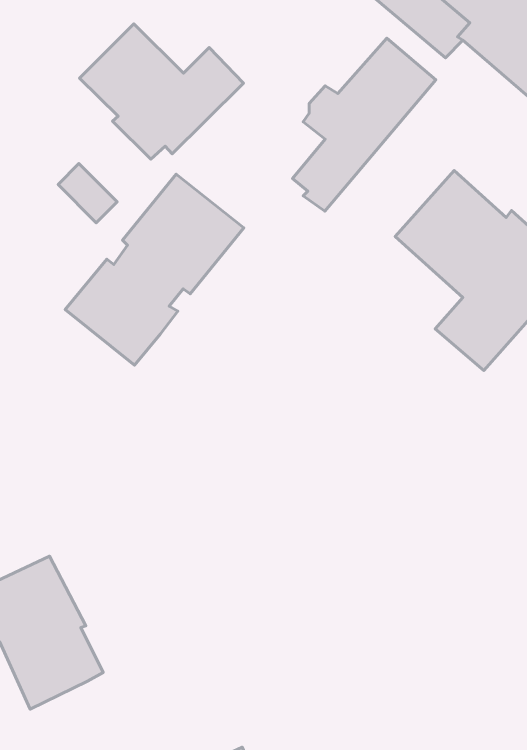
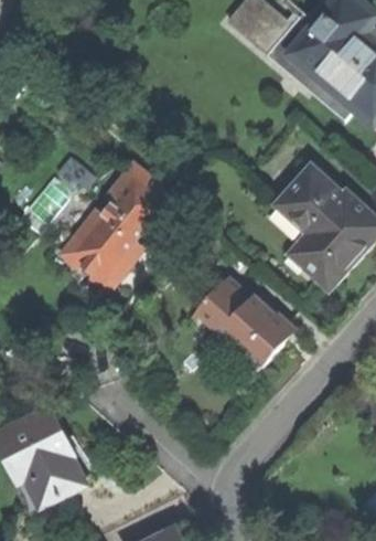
building: [80,24,243,159] -> none
building: [292,38,436,211] -> none
building: none -> [195,277,289,365]

